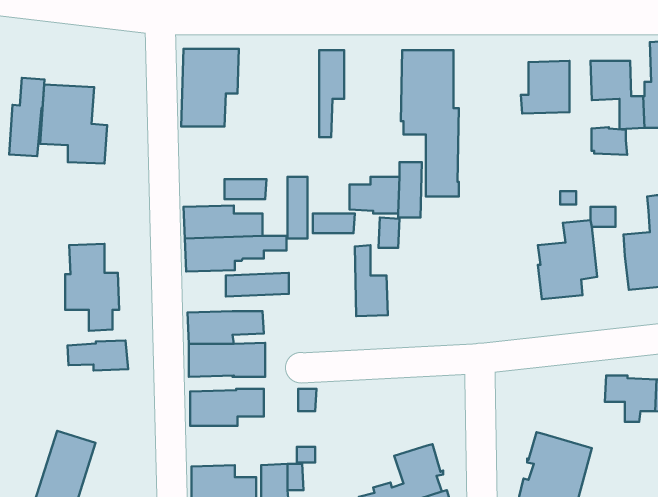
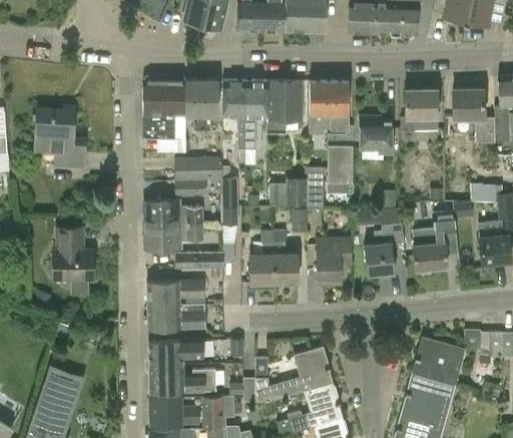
building: none -> [184,80,218,128]
building: none -> [222,81,246,163]
building: none -> [266,81,304,131]
building: [9,78,44,156] -> none
building: none -> [359,116,393,154]
building: [592,127,627,155] -> [470,182,497,203]
building: none -> [174,157,222,179]
building: none -> [365,206,404,276]
building: none -> [249,231,275,284]
building: none -> [317,239,351,283]
building: [68,340,128,371] -> none
building: none -> [414,337,464,384]
building: none -> [254,347,331,401]
building: none -> [148,367,215,393]

